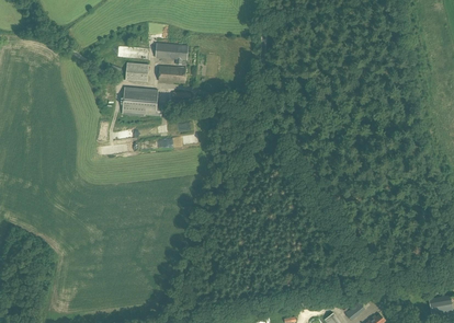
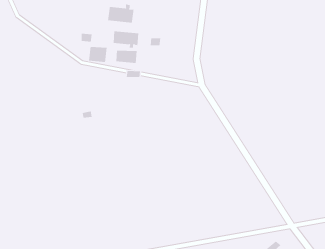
building: none -> [108,4,134,23]
building: [122,90,161,116] -> none

